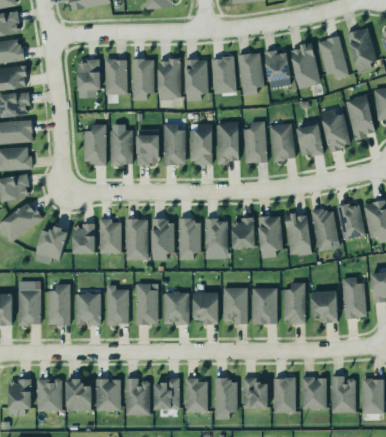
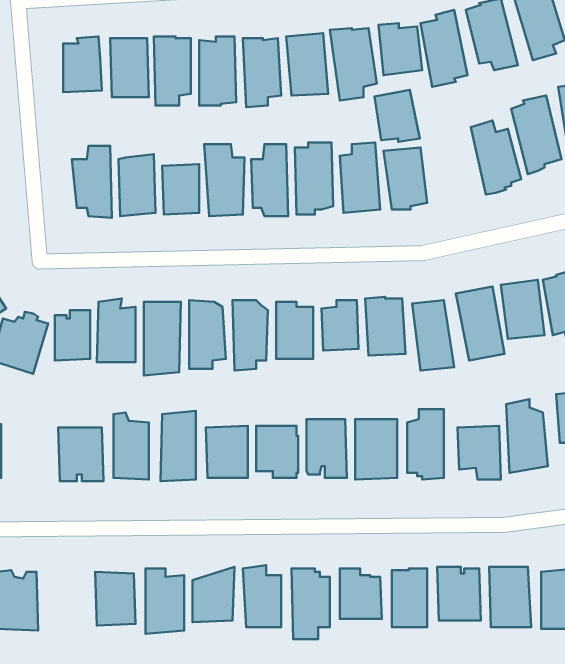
building: [297,126,324,157] -> [375,90,420,142]
building: [48,284,70,324] -> none
building: [67,377,92,410] -> none

